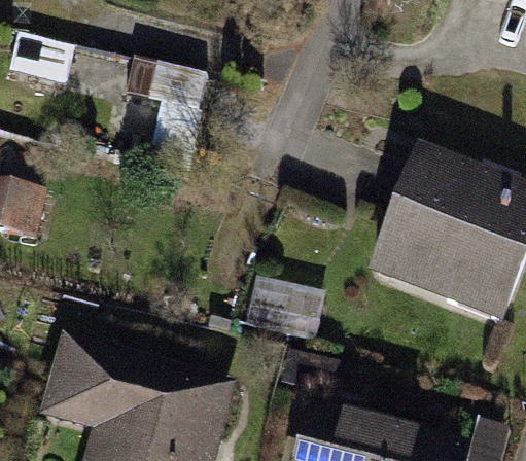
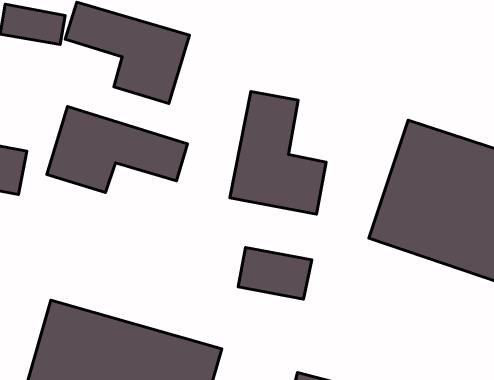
building: none -> [230,92,326,214]
building: none -> [47,107,188,192]

